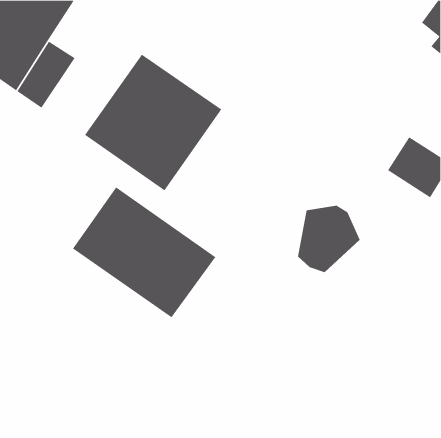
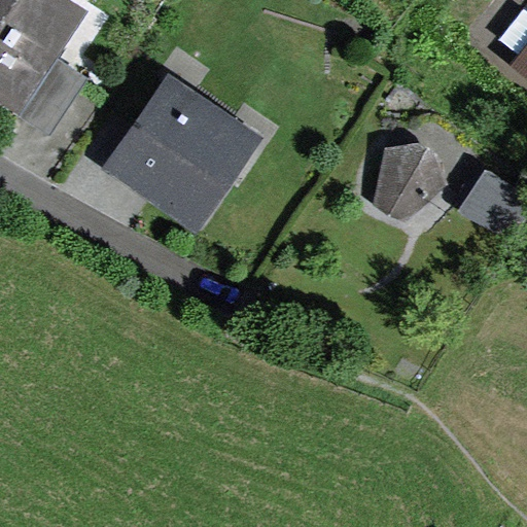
building: [72,187,216,318] -> none
building: [297,205,360,273] -> [373,142,448,222]

